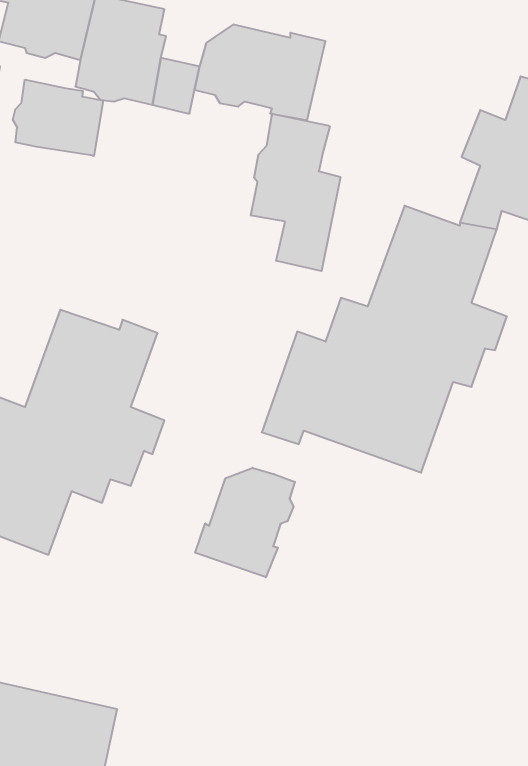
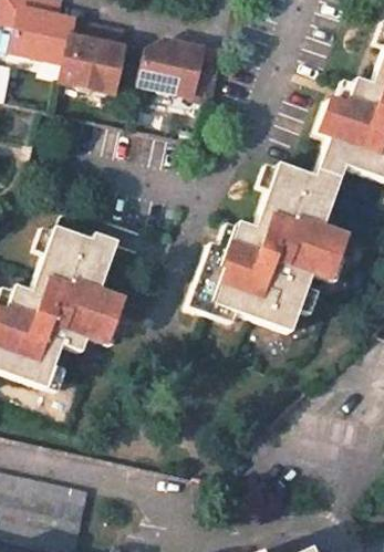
building: [13,80,103,156] -> none
building: [251,114,340,271] -> none
building: [195,468,295,577] -> none

